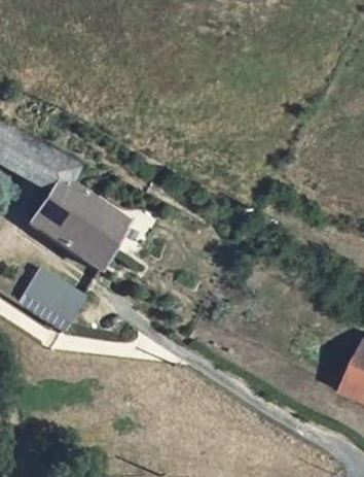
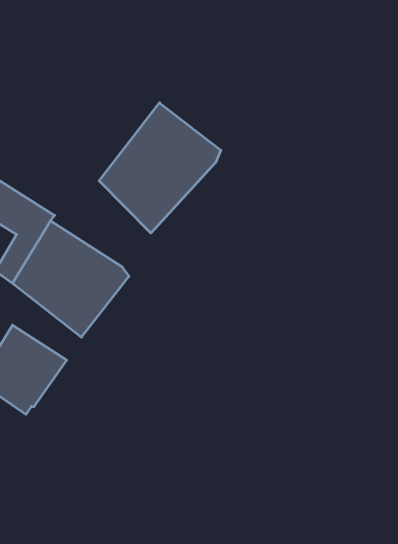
building: none -> [99,103,221,233]

